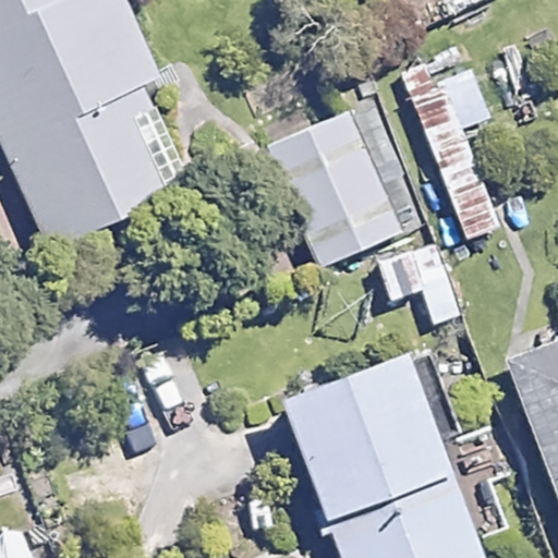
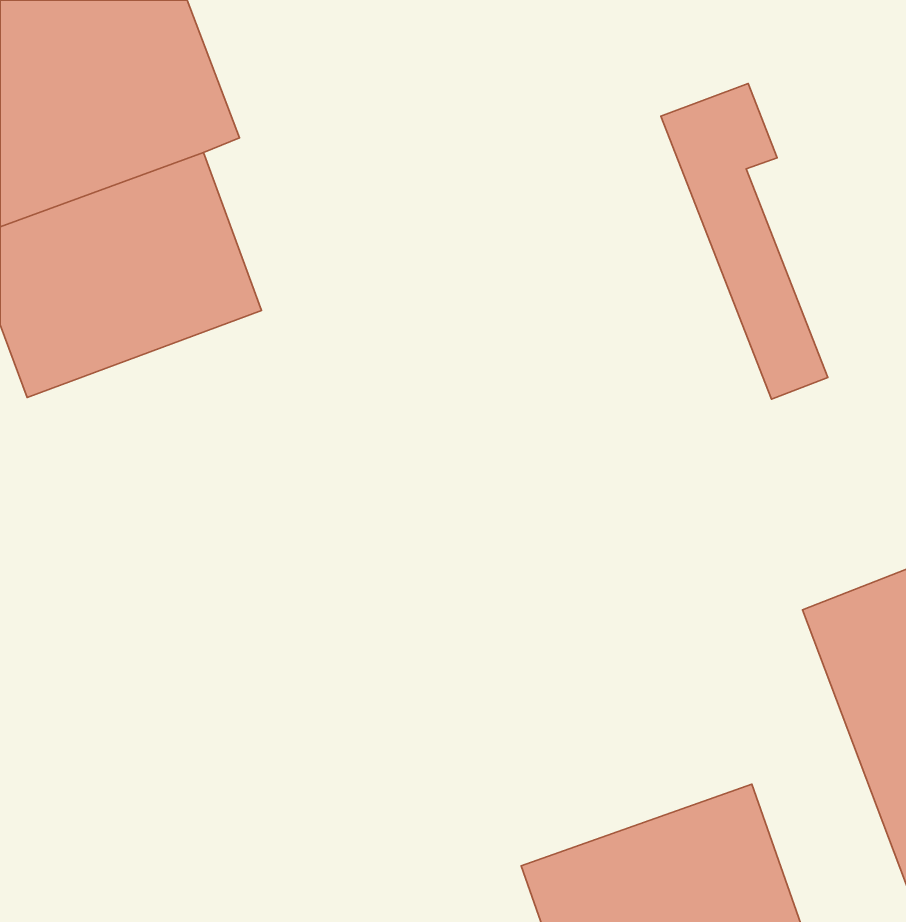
building: [259,102,400,250] -> none
building: [282,352,464,523] -> none

